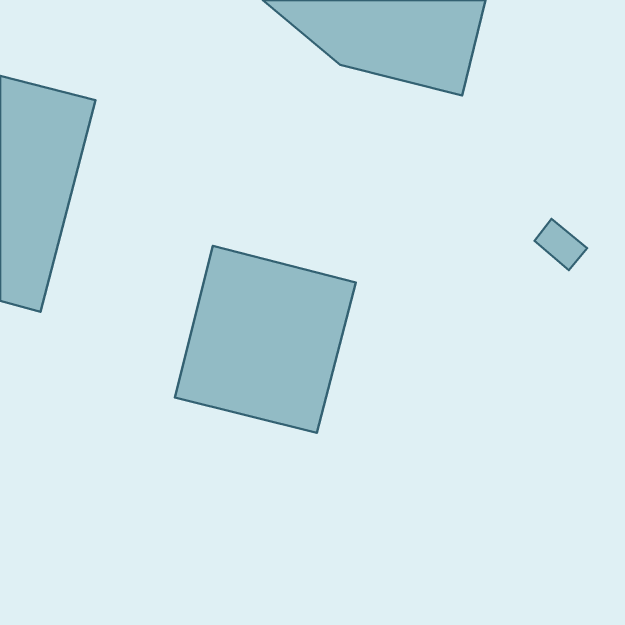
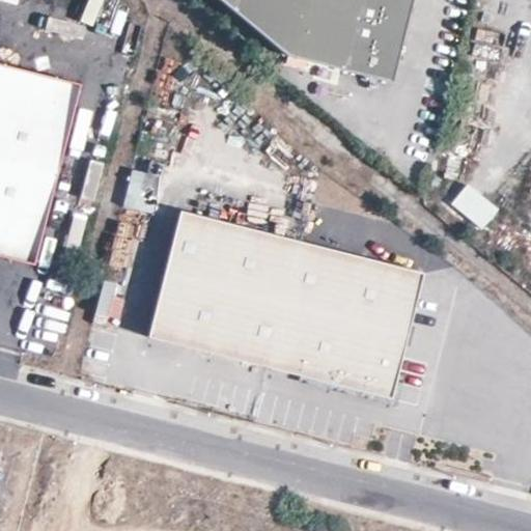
building: none -> [269,240,422,398]

